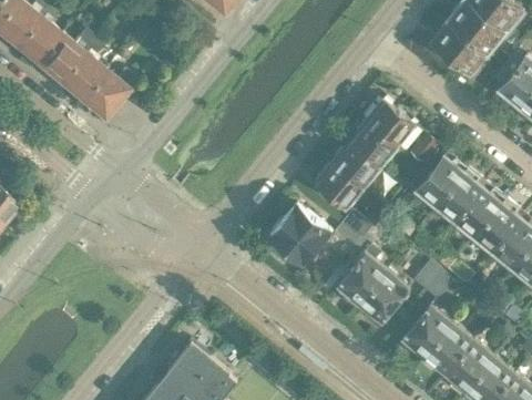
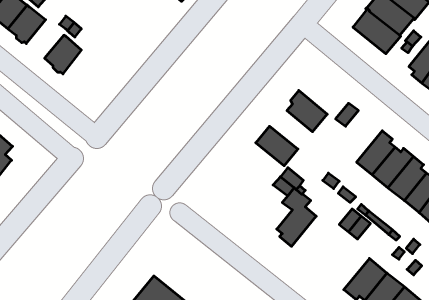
building: [37,34,82,81] -> none
building: [81,71,135,117] -> none
building: [366,100,417,148] -> none
building: [330,144,382,191] -> none
building: [410,157,467,206] -> none
building: [269,204,331,264] -> none
building: [357,271,410,321] -> none
building: [403,306,451,360] -> none

